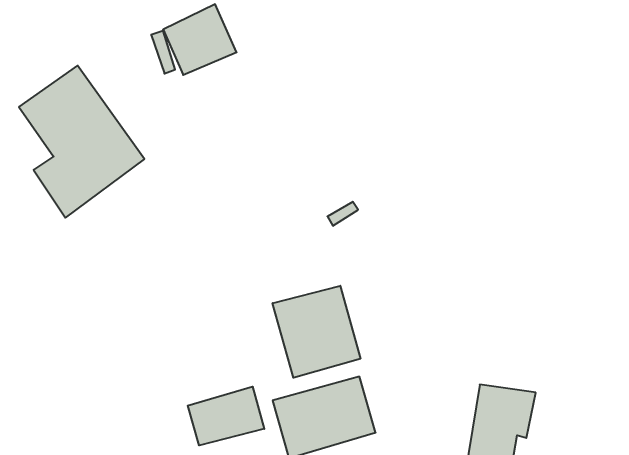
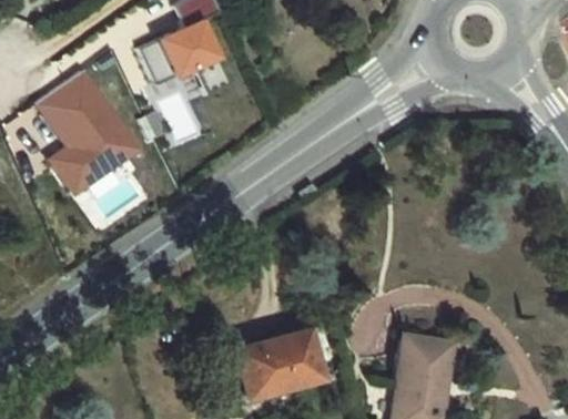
building: [273,286,360,378] -> none
building: [188,387,264,445] -> none

